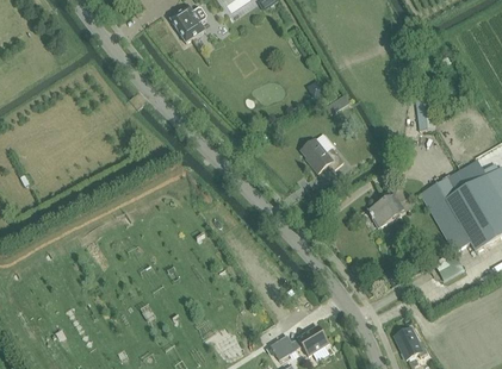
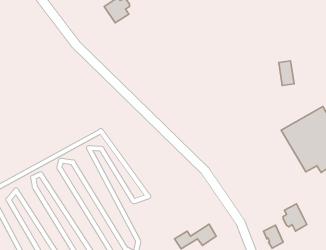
building: [302,138,343,173] -> none
building: [367,193,405,227] -> none
building: none -> [283,204,307,231]

